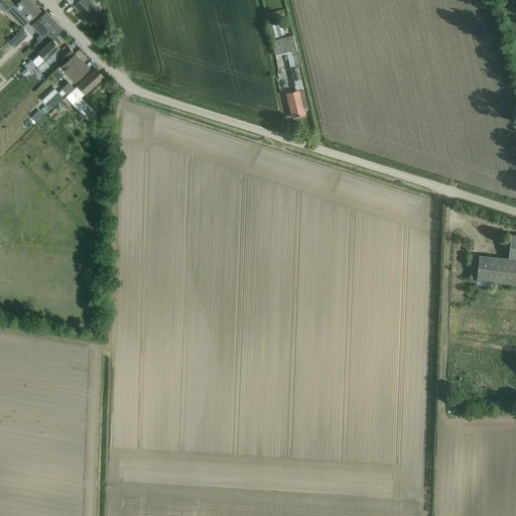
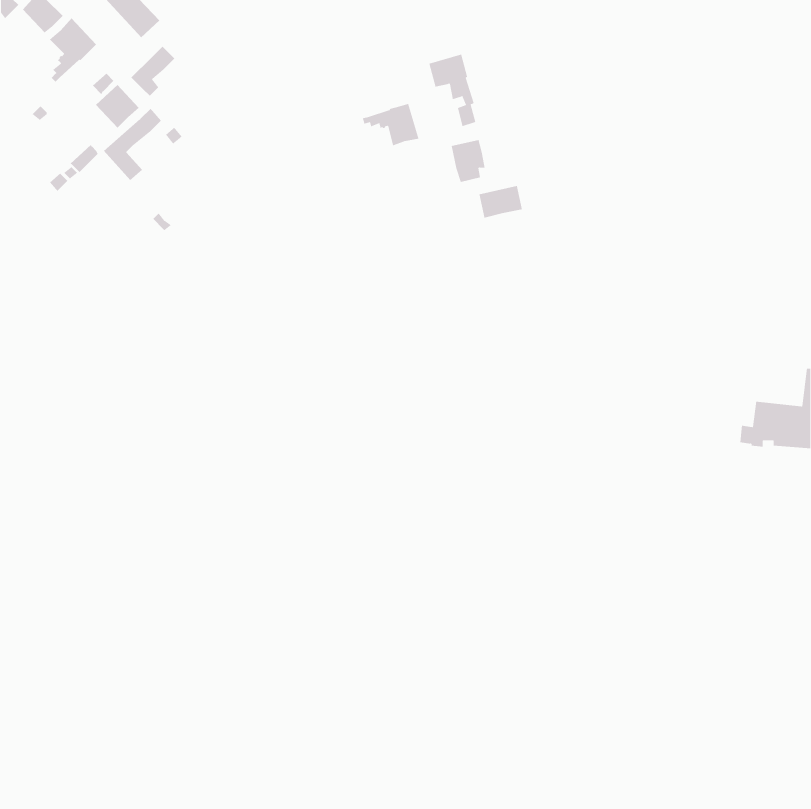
building: [31,38,59,71] -> [131,46,175,97]
building: none -> [362,103,419,146]
building: none -> [479,185,523,218]

